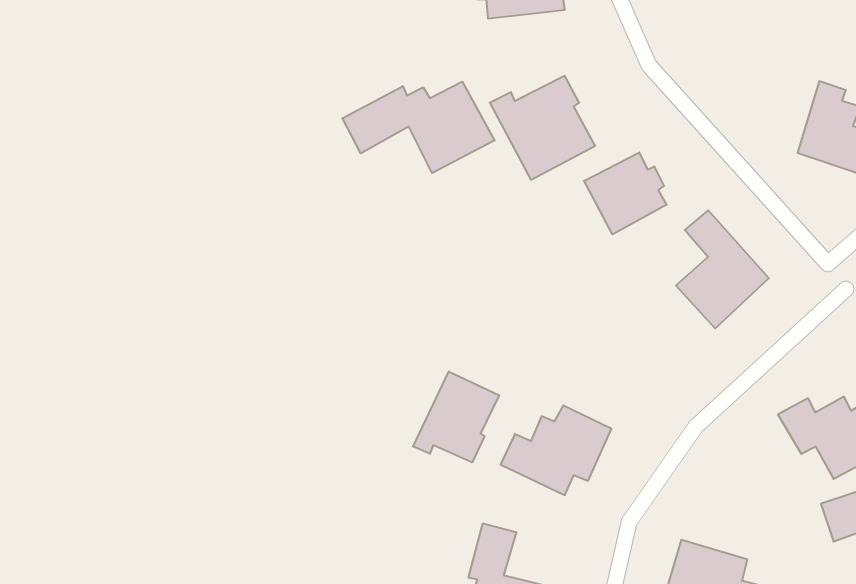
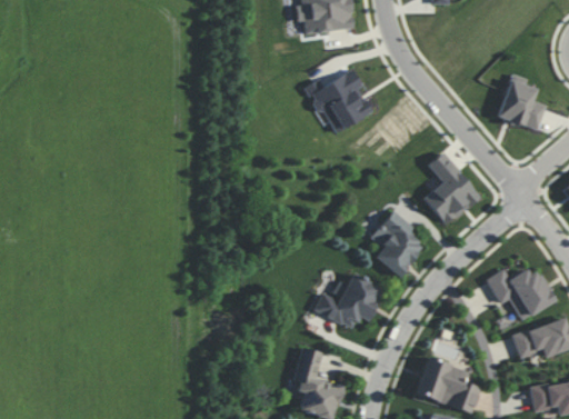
building: [342,82,495,173] -> none
building: [584,152,667,234] -> none
building: none -> [372,210,425,277]
building: [413,371,499,462] -> none

